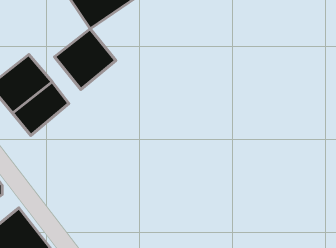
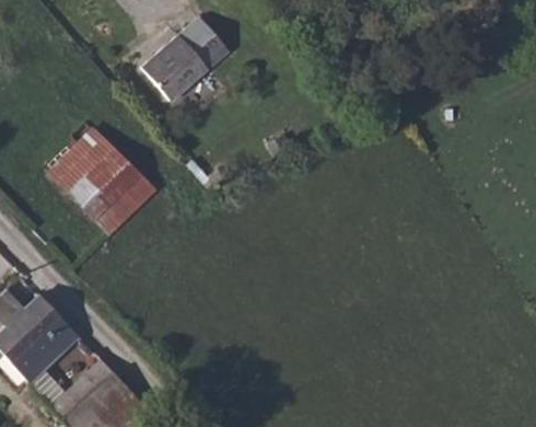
building: [55,29,116,89] -> none

